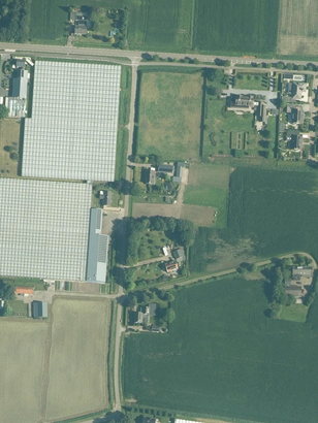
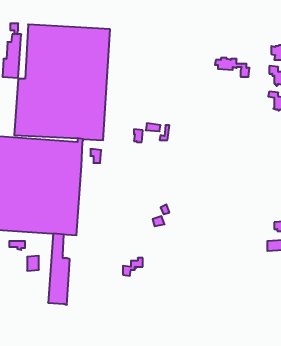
building: [86,208,108,283] -> [48,234,70,305]

